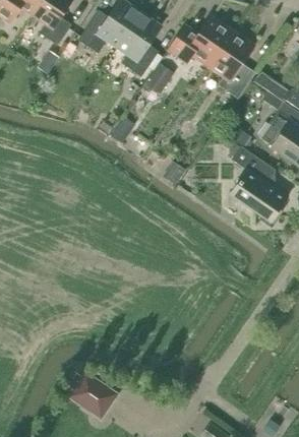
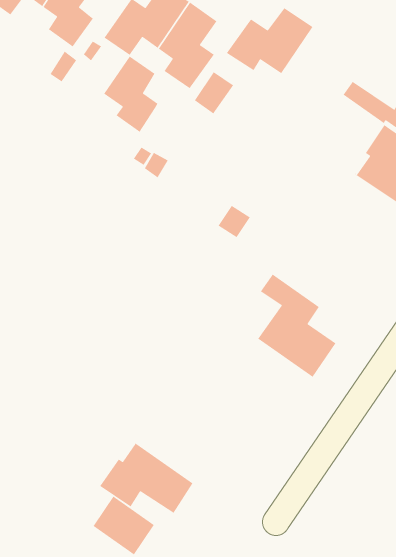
building: [208,32,254,99] -> none
building: none -> [103,56,159,133]
building: [230,146,288,223] -> [257,274,336,378]
building: none -> [99,441,194,514]

